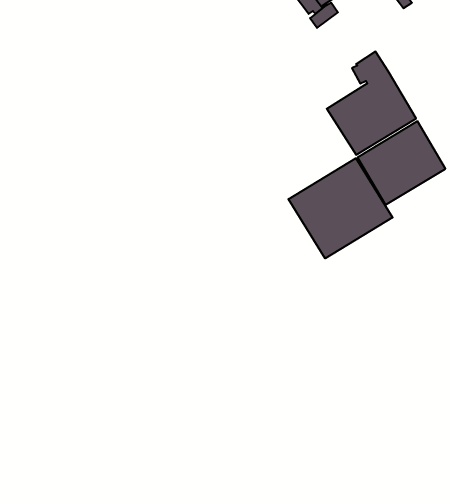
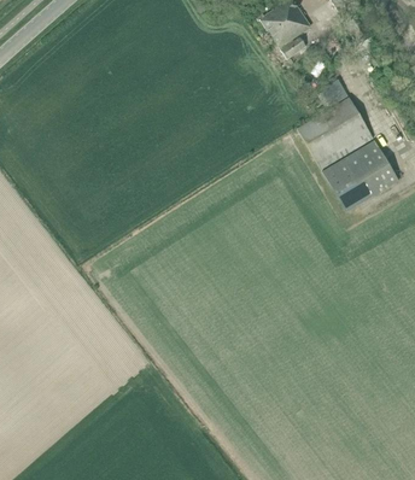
building: [288,158,393,258] -> none

